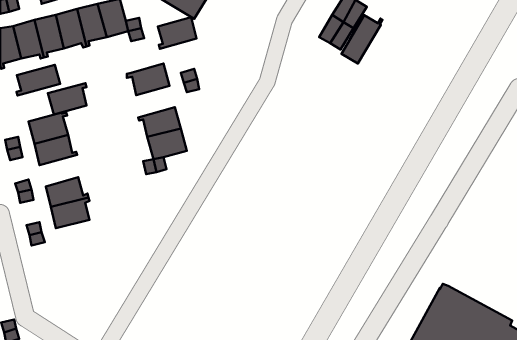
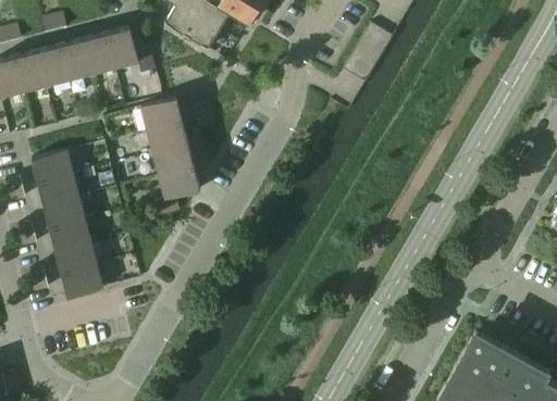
building: [341,15,383,63] -> none
building: [158,17,196,49] -> [147,121,188,154]
building: [16,65,60,95] -> none
building: [48,83,86,115] -> [44,195,85,228]
building: none -> [61,264,108,297]

